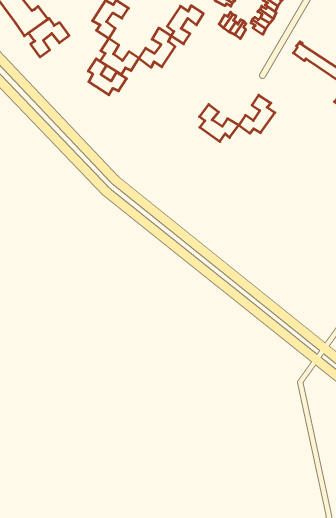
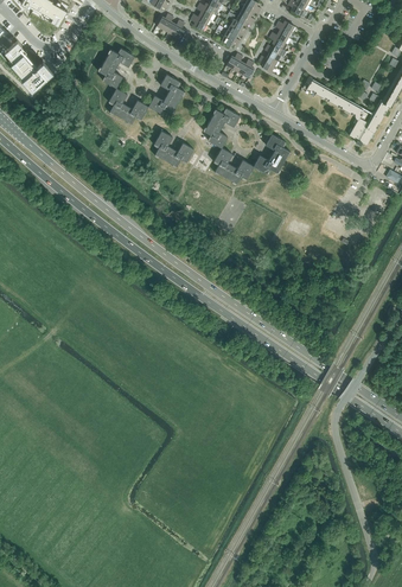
building: [167,6,203,44] -> [204,108,240,147]
building: [29,18,69,57] -> none
building: [88,59,127,95] -> [154,130,193,166]

